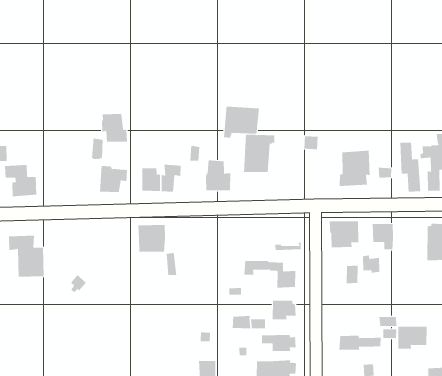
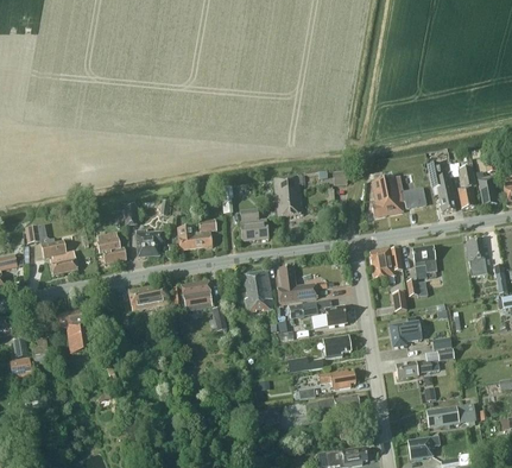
building: [224,106,259,139] -> none
building: [101,113,128,142] -> [96,232,126,263]
building: none -> [128,283,167,310]
building: none -> [278,266,316,302]
building: none -> [244,270,272,311]
building: [397,326,428,349] -> [388,320,421,347]

